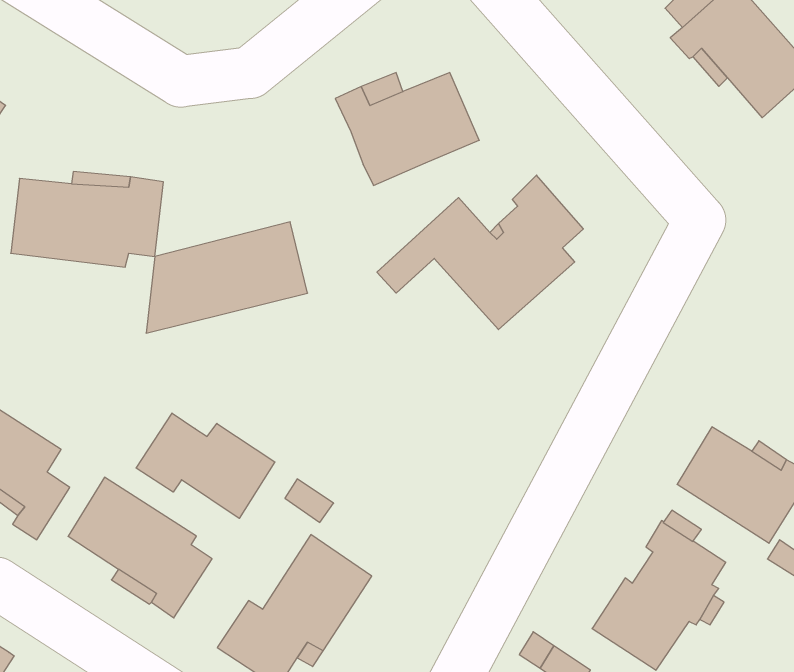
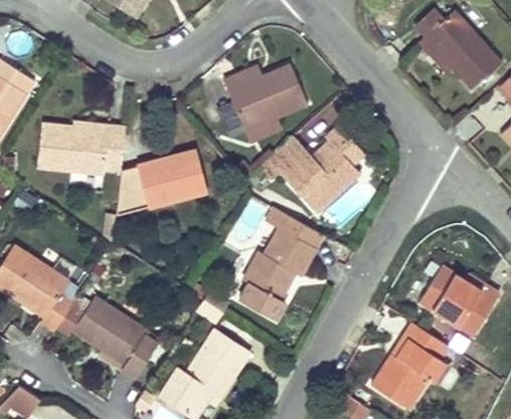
building: none -> [239,206,323,321]
building: [136,413,275,518] -> none

